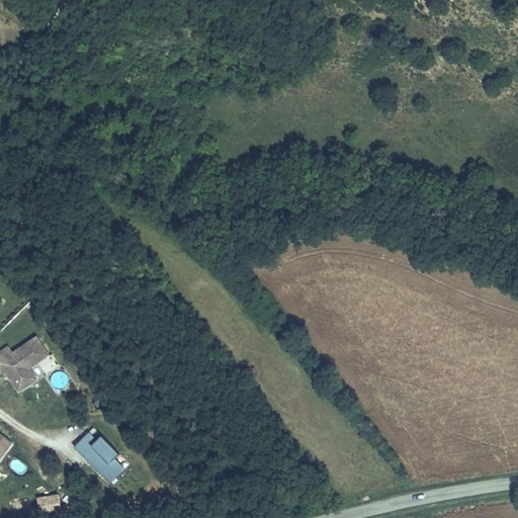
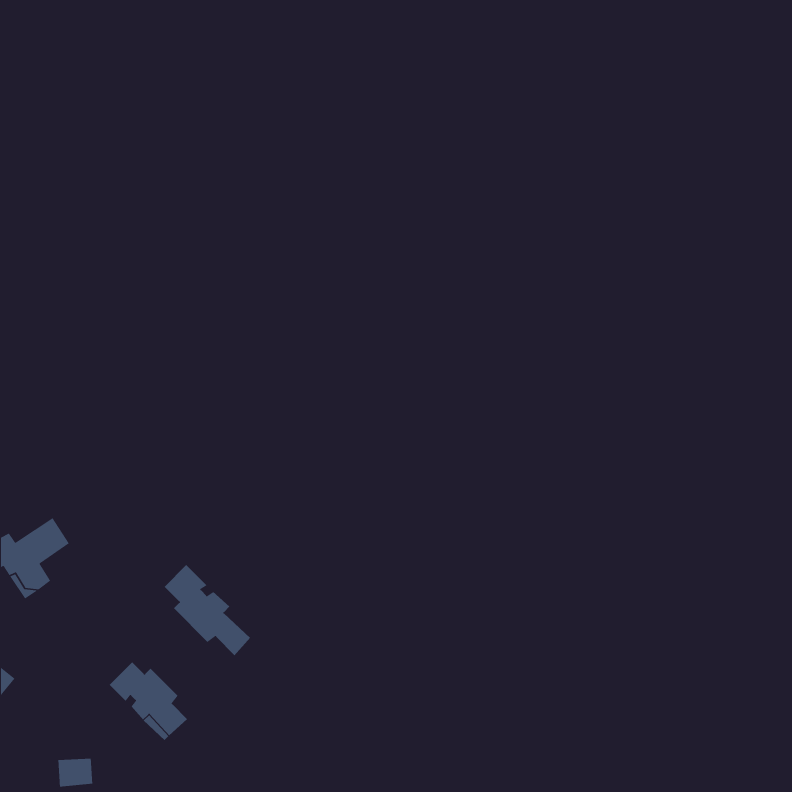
building: none -> [164,564,251,656]

